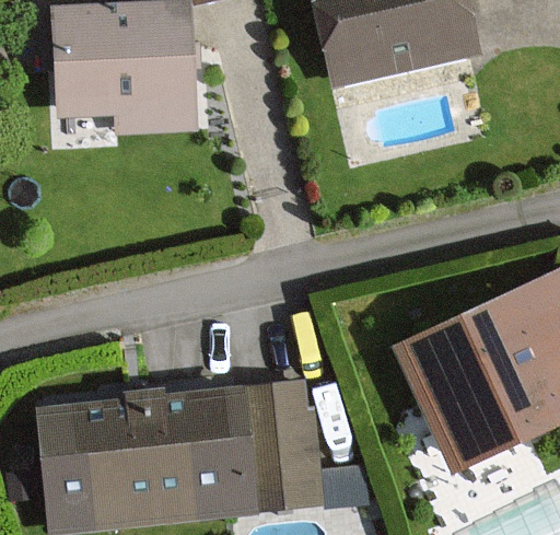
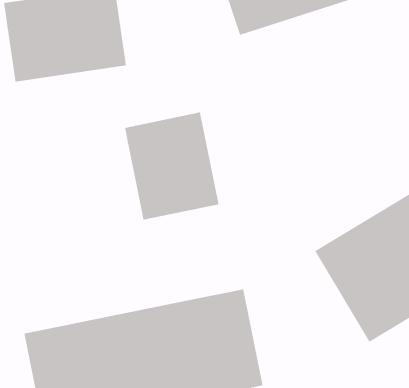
building: none -> [124,112,219,220]

